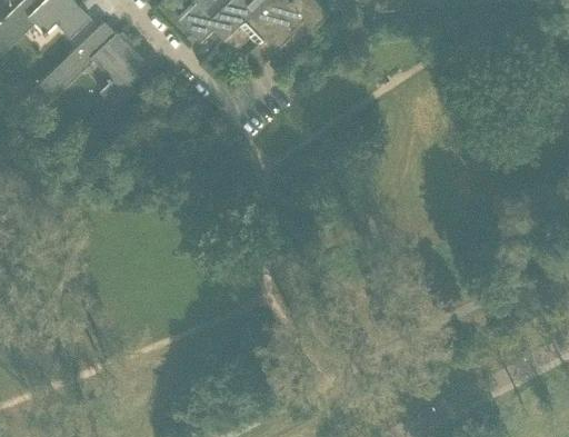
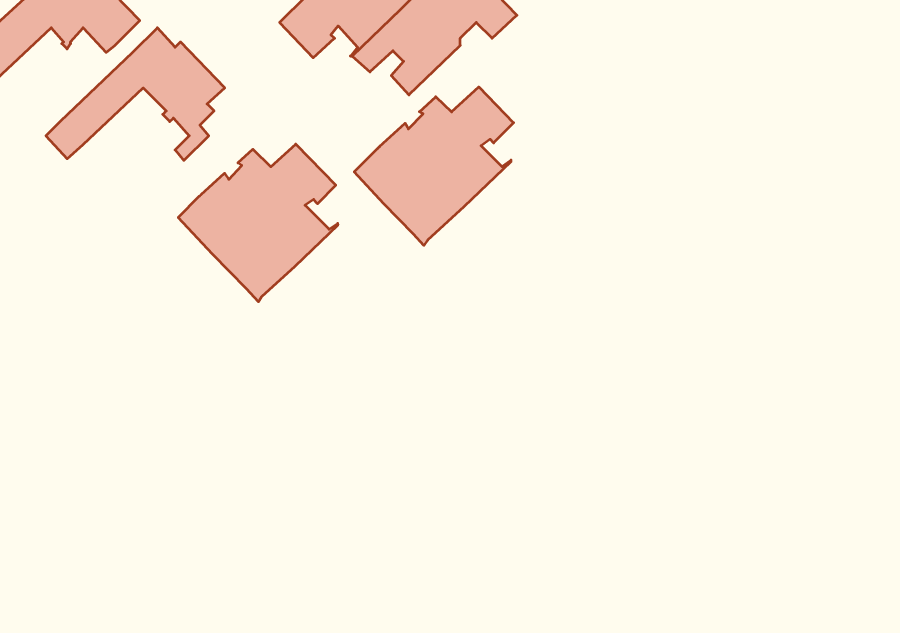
building: none -> [354,87,514,245]
building: none -> [178,144,338,302]

